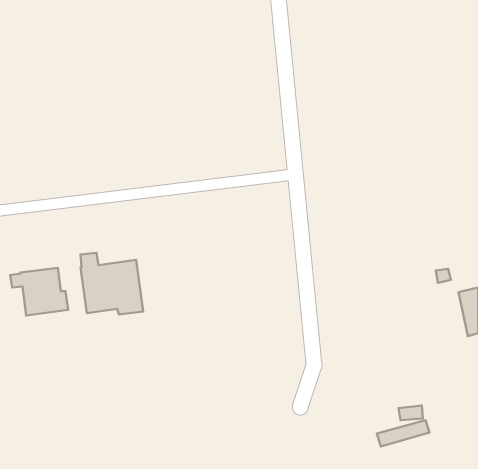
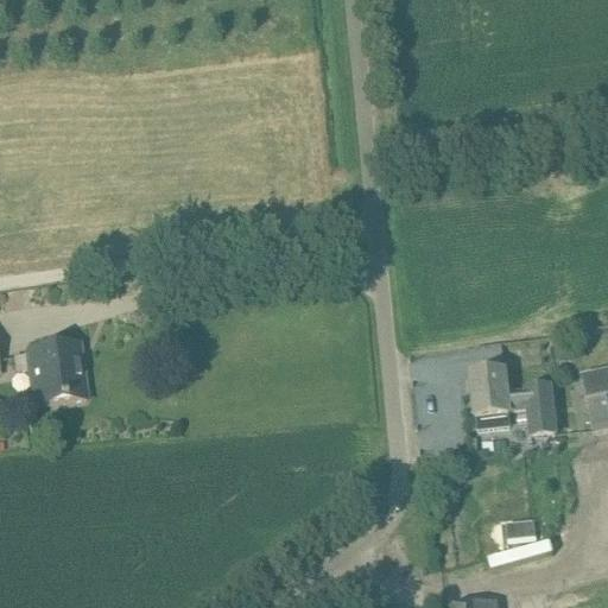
building: [80,253,143,314] -> none
building: none -> [471,365,558,431]

